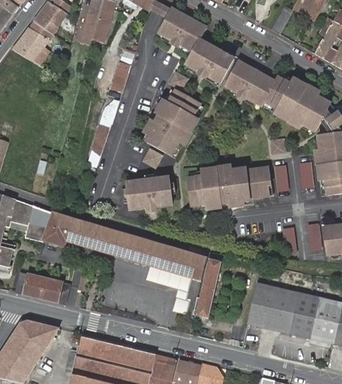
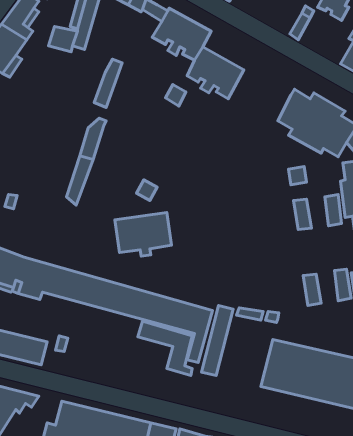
building: [224,61,272,105] -> none
building: [145,91,201,156] -> none
building: [188,167,271,210] -> none

